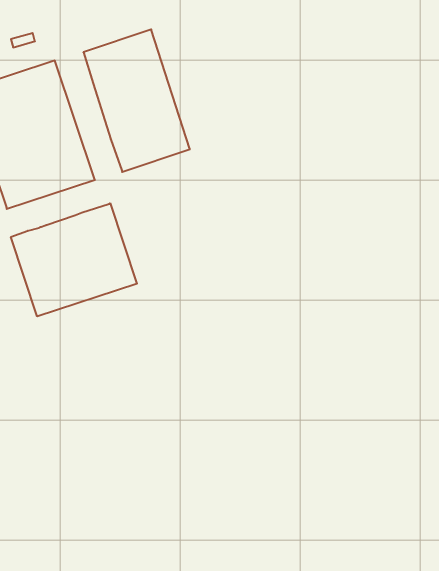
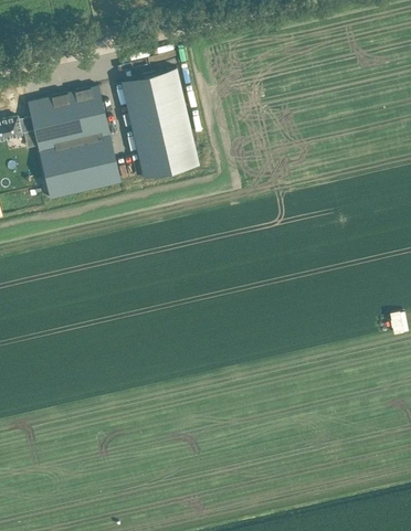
building: [11,203,137,316] -> none

